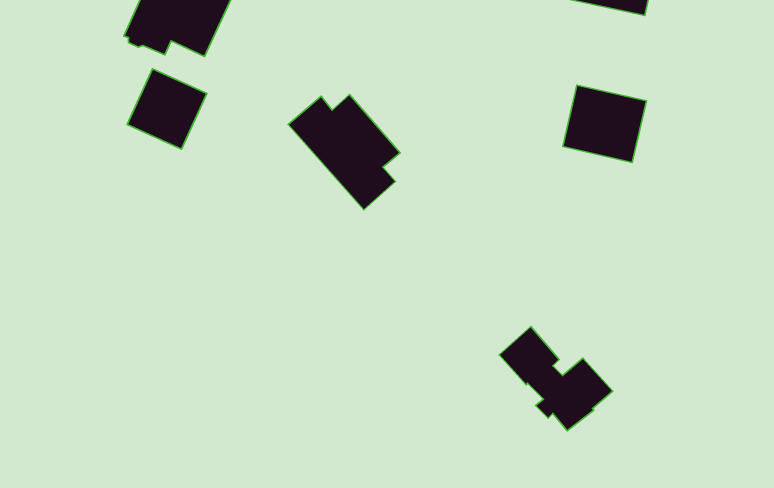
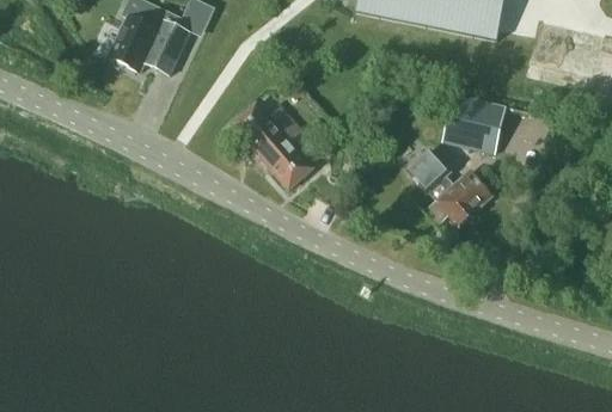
building: [127,69,207,149] -> none
building: [499,326,613,431] -> [405,146,491,225]

